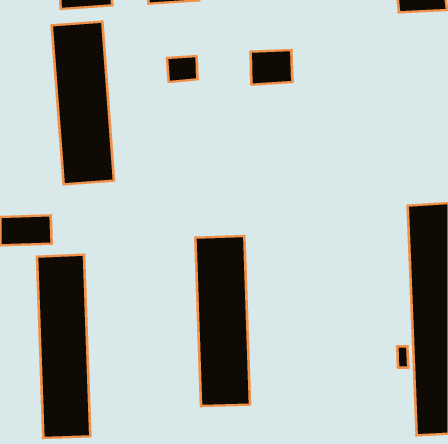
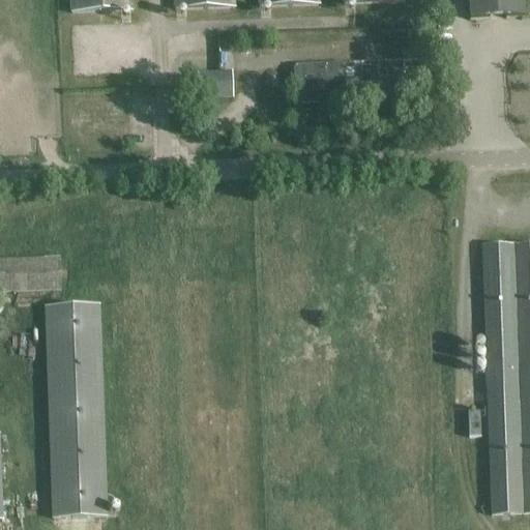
building: [52,21,114,184] -> none
building: [196,236,250,406] -> none

